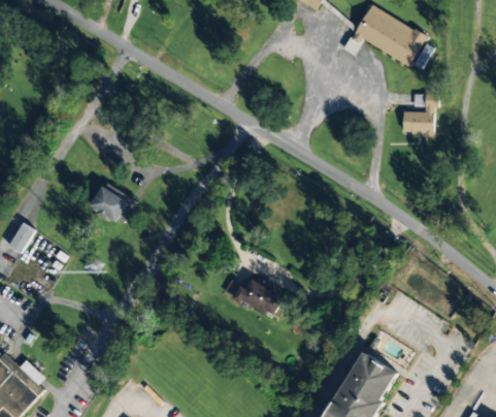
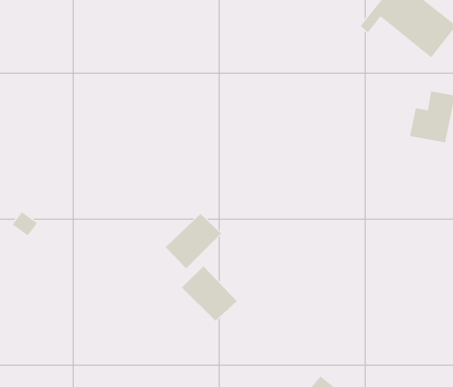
building: [92,184,131,221] -> none
building: none -> [165,213,222,269]

